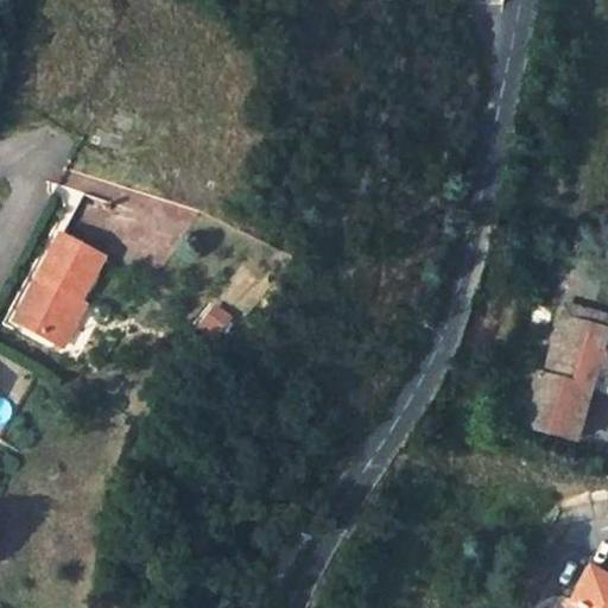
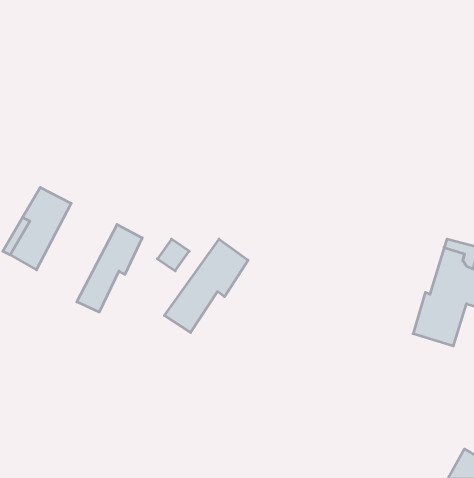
building: none -> [77,224,142,312]
building: none -> [164,239,248,333]

